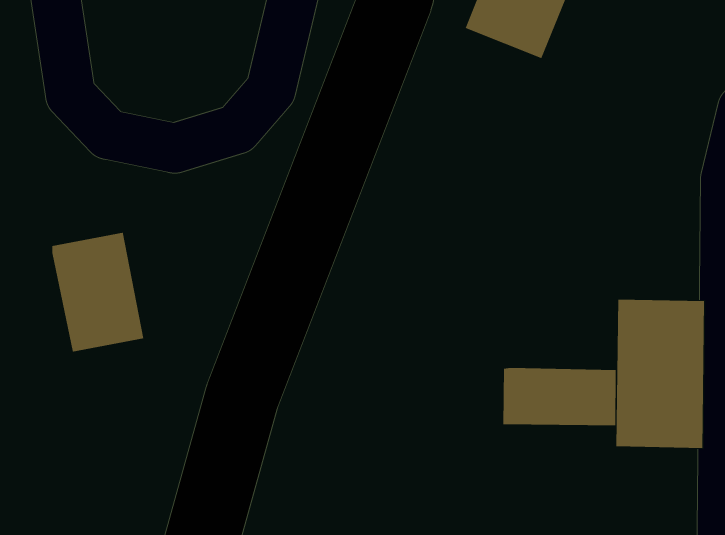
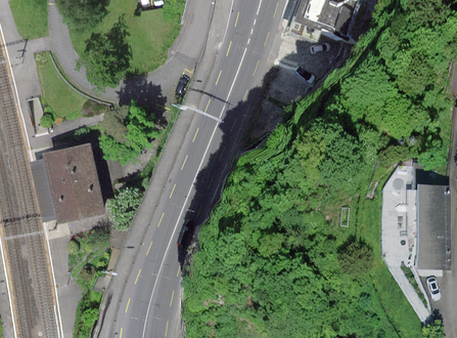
building: none -> [32,155,65,217]
building: [503,367,616,426] -> none

